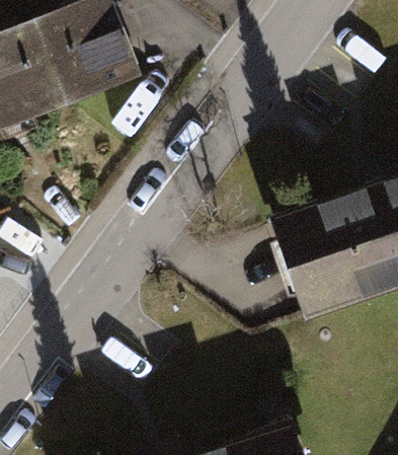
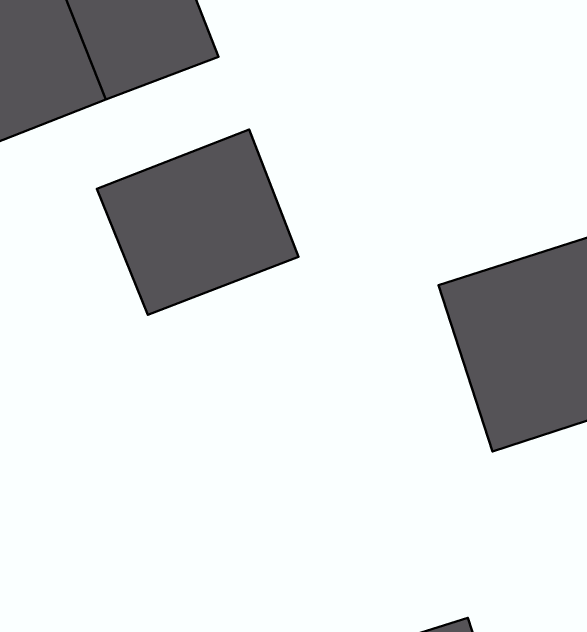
building: none -> [97,130,298,315]

